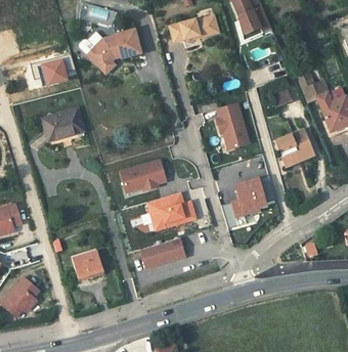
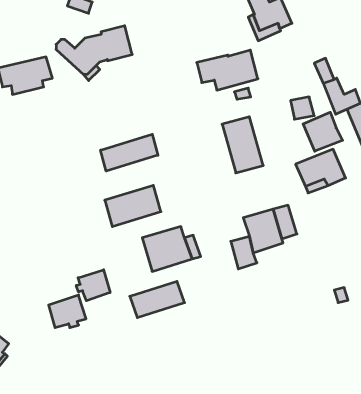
building: [169,14,219,47] -> [197,50,258,90]
building: none -> [303,112,343,151]
building: [41,108,82,140] -> none
building: none -> [101,134,158,171]
building: none -> [76,270,110,301]

